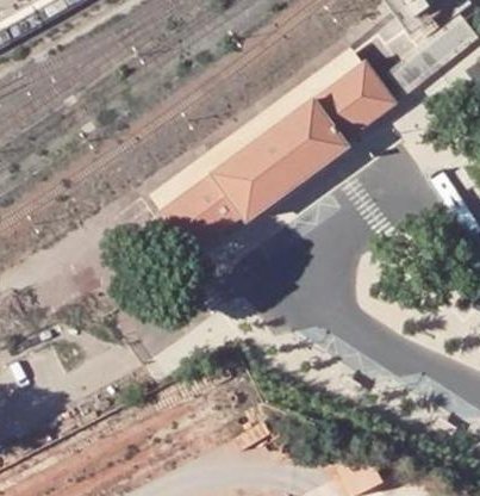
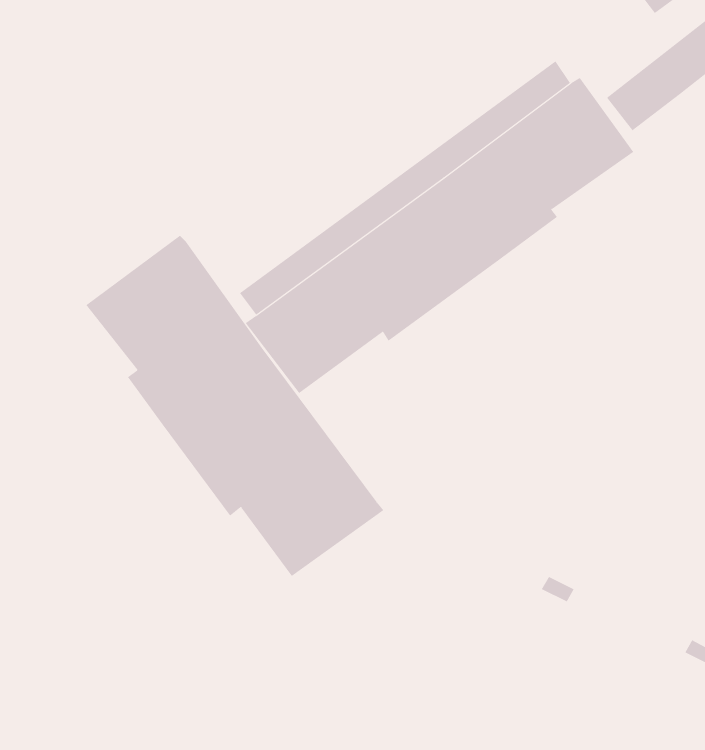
building: none -> [86,235,384,577]

